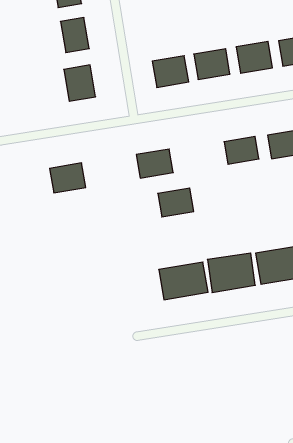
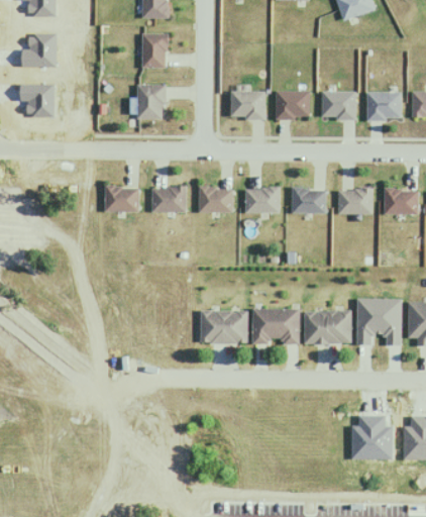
building: none -> [152,186,187,211]
building: [158,188,194,217] -> [245,187,280,212]

